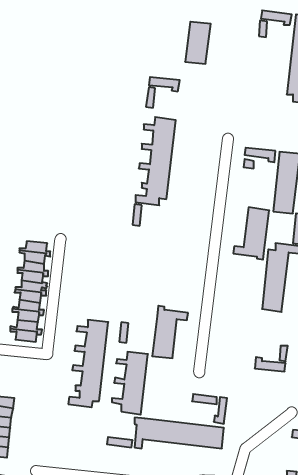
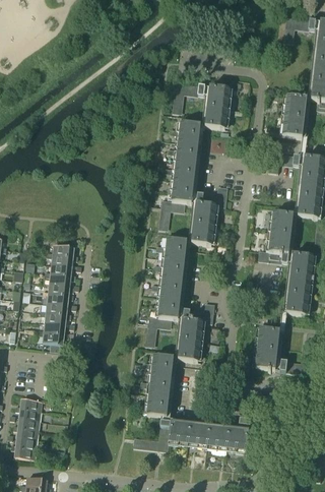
building: [185,22,211,64] -> [204,85,230,127]
building: none -> [282,95,307,136]
building: none -> [191,192,226,244]
building: [68,320,108,407] -> [147,238,187,324]
building: none -> [255,327,279,370]

